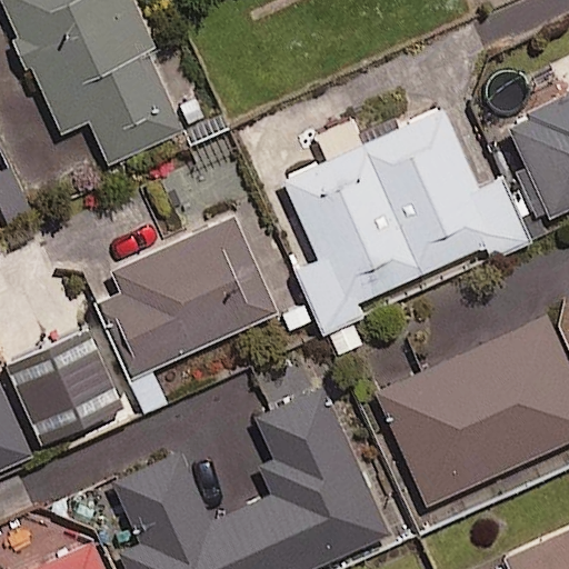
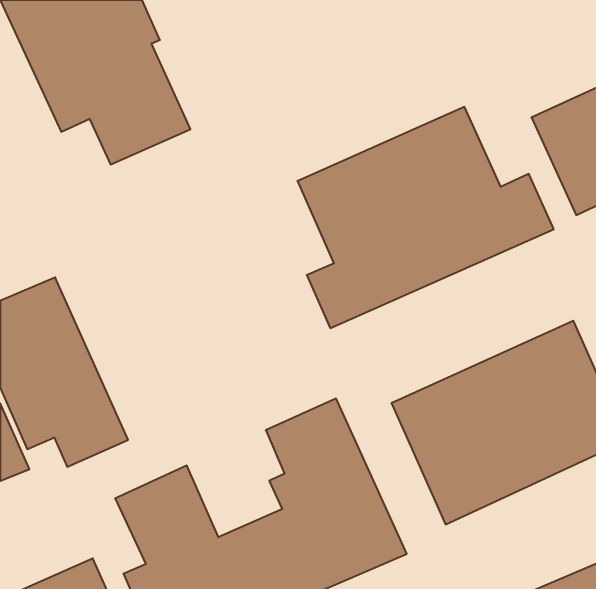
building: [97,216,278,379] -> none

